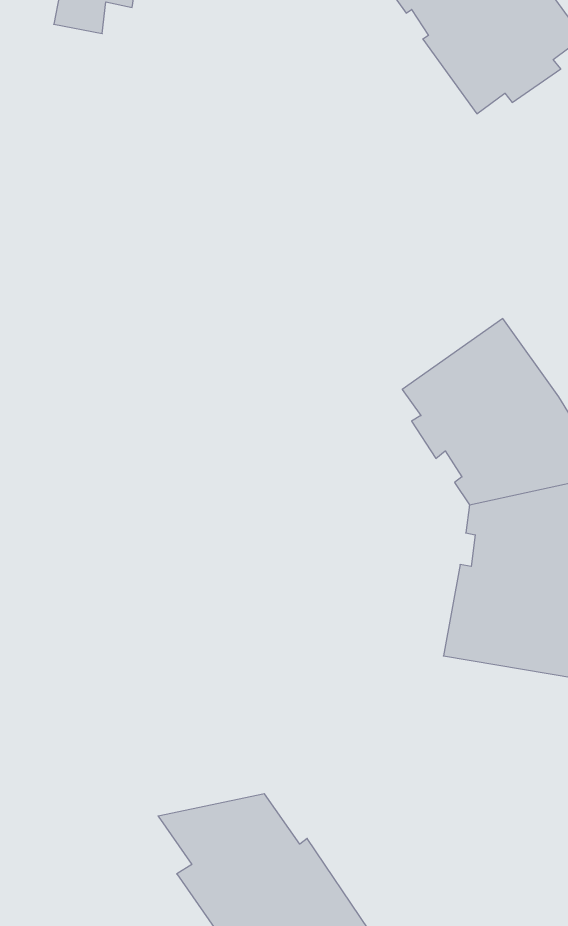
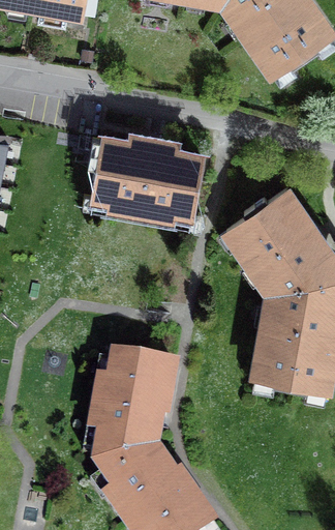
building: none -> [92,135,201,214]
building: none -> [91,359,173,463]

